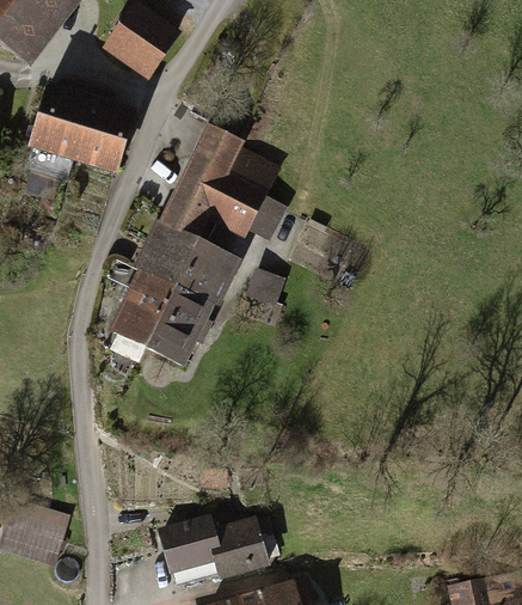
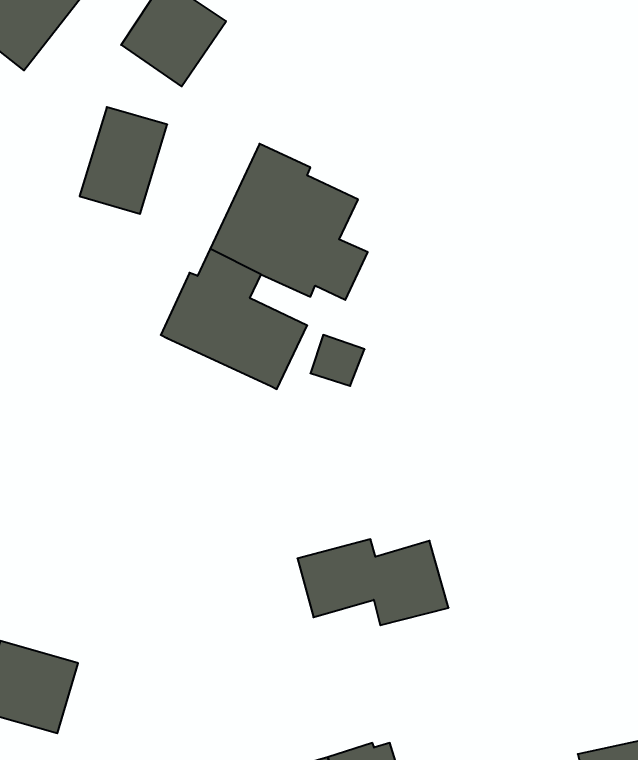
building: [27,84,92,164] -> none
building: [108,270,215,369] -> none
building: [154,509,268,574] -> [297,539,449,625]

